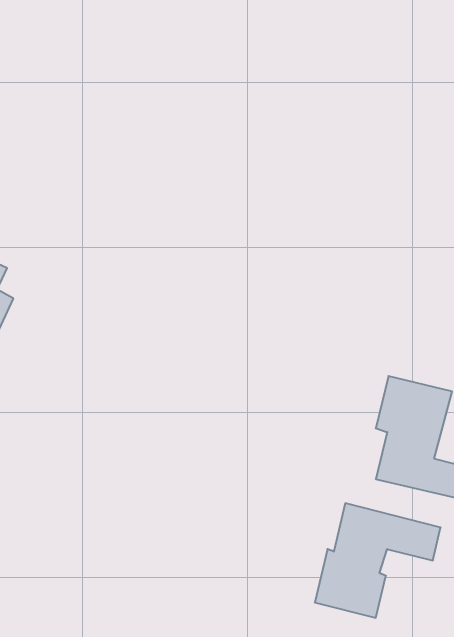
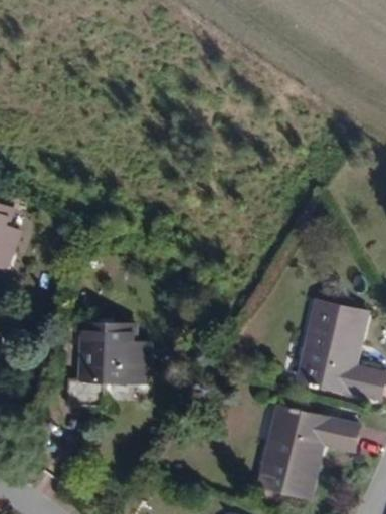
building: none -> [69,320,149,406]

